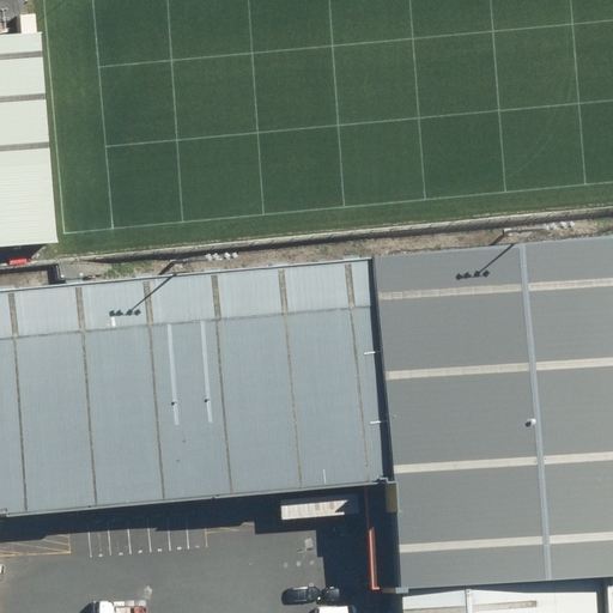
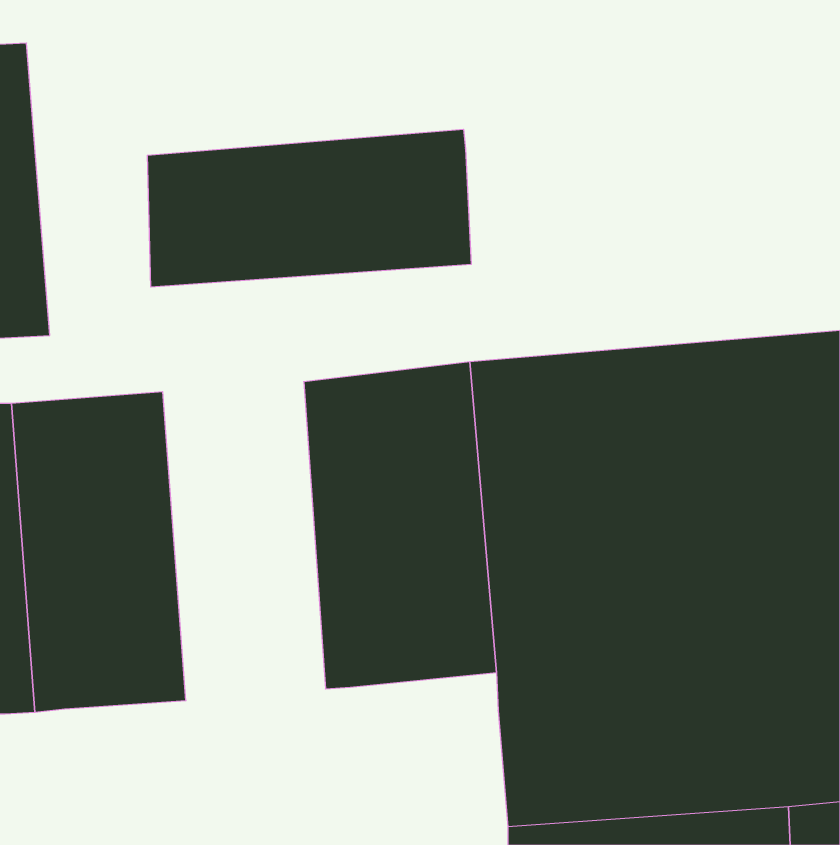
building: none -> [147,129,471,287]
building: [117,275,235,505] -> none

